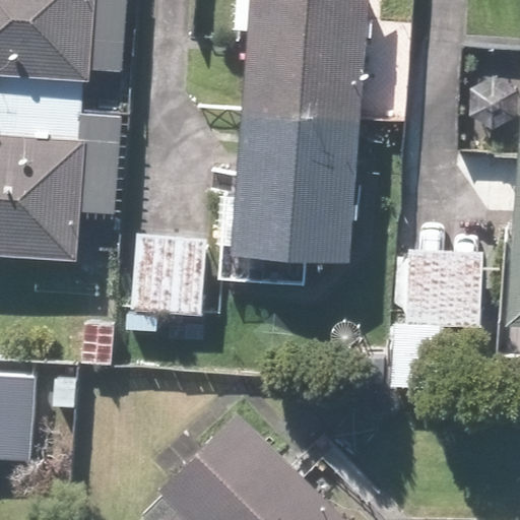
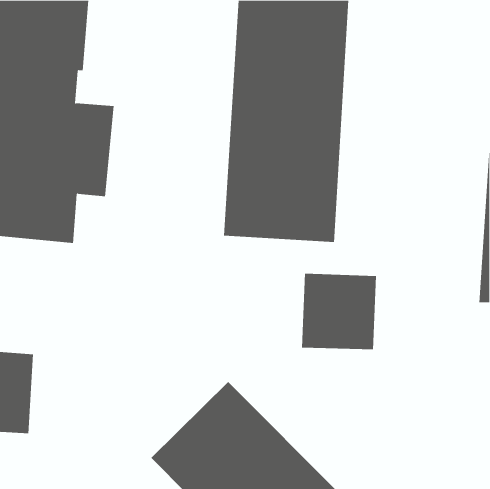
building: [125,233,205,317] -> none
building: [403,249,482,329] -> [301,273,377,350]

